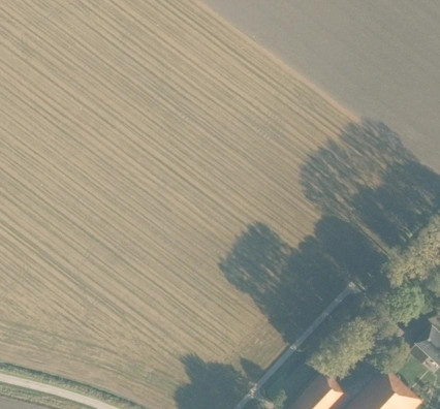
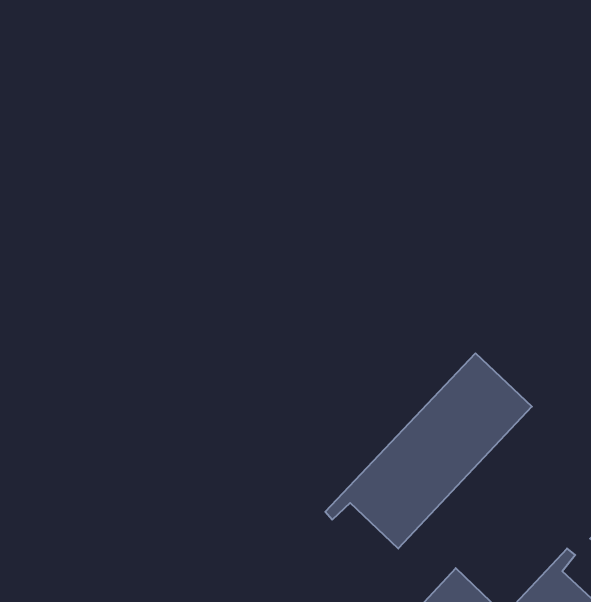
building: none -> [325,353,532,549]

